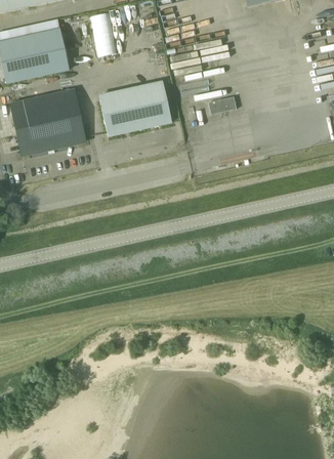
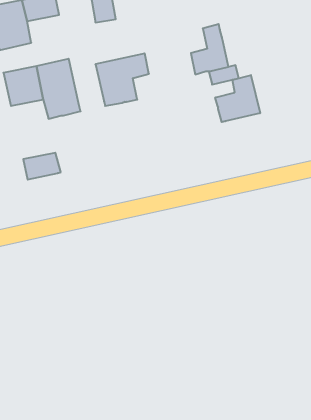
building: [33,47,69,74] -> none
building: [134,80,170,128] -> [191,24,228,74]
building: none -> [215,75,260,122]
building: [17,128,53,154] -> [23,153,61,180]

